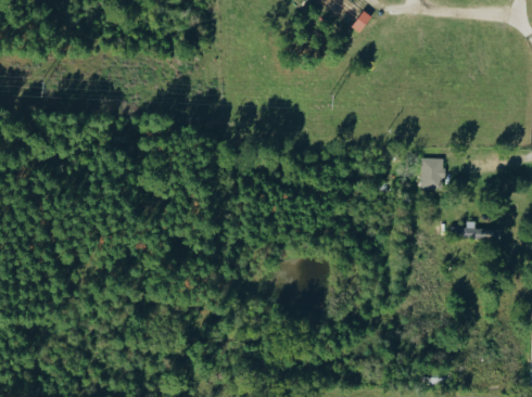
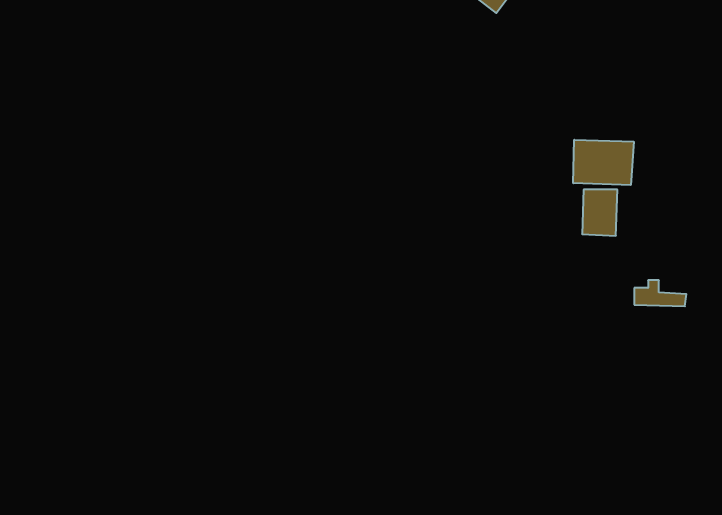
building: none -> [573,140,634,185]

